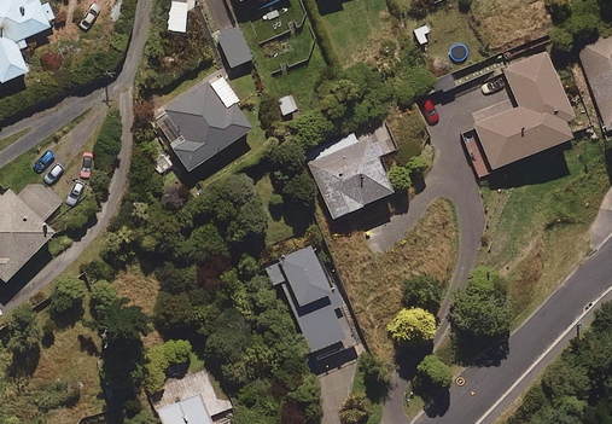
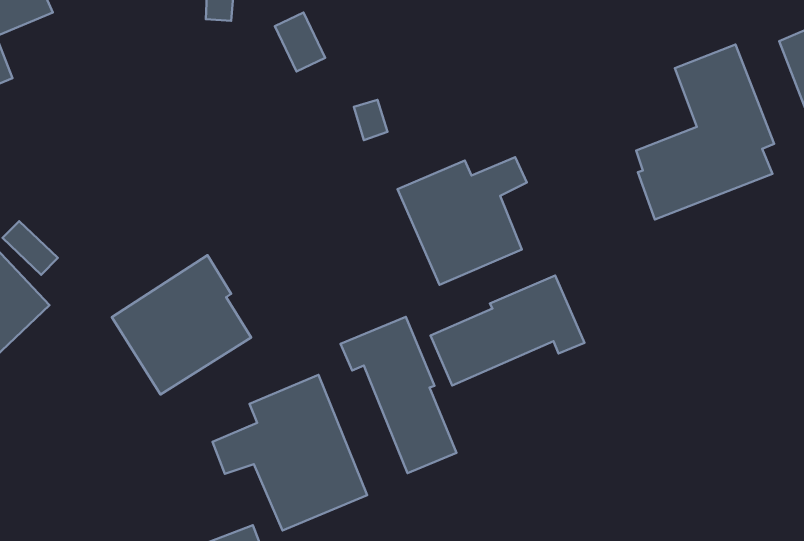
building: [152,71,252,172] -> [112,255,251,395]
building: none -> [431,276,584,386]
building: none -> [212,375,367,530]

